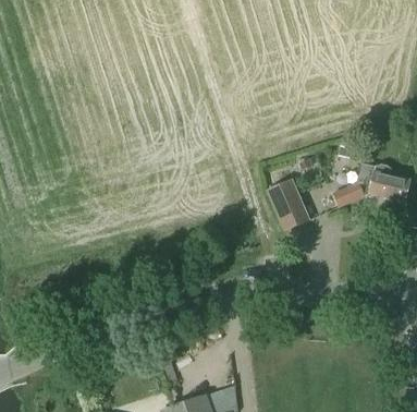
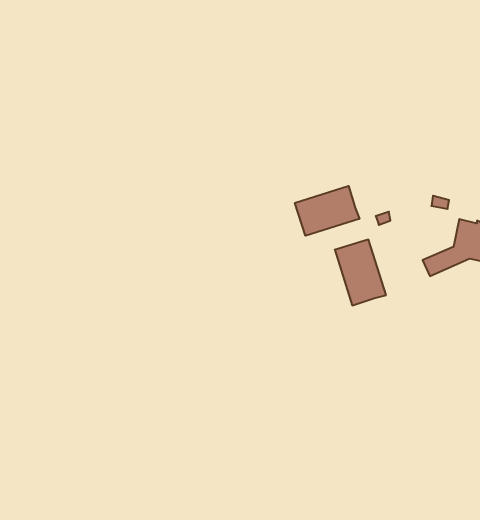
building: none -> [295,186,359,236]

